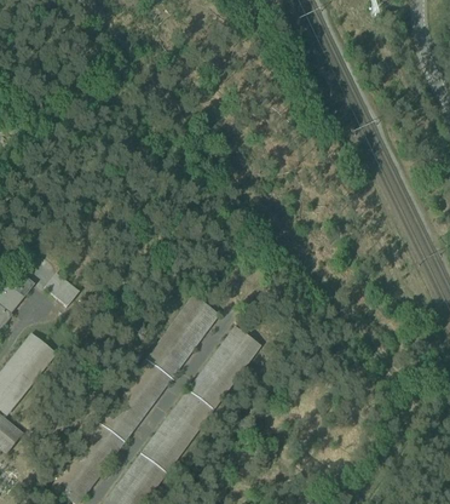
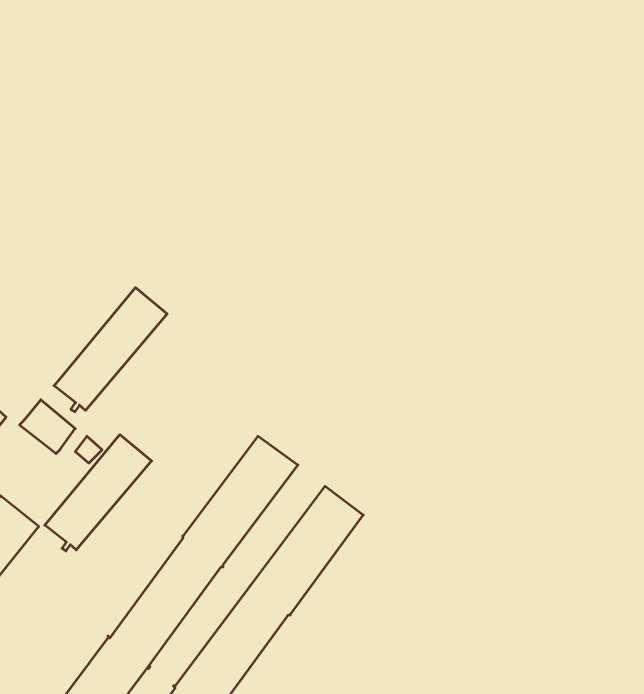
building: none -> [54,288,167,412]
building: none -> [45,435,152,551]

